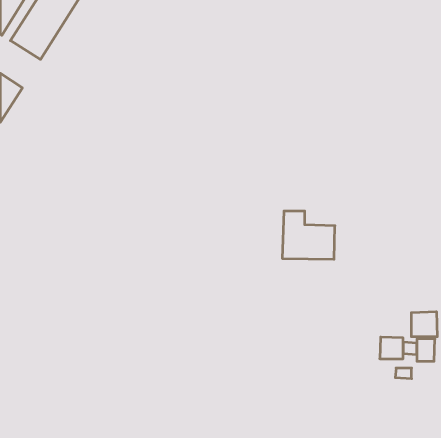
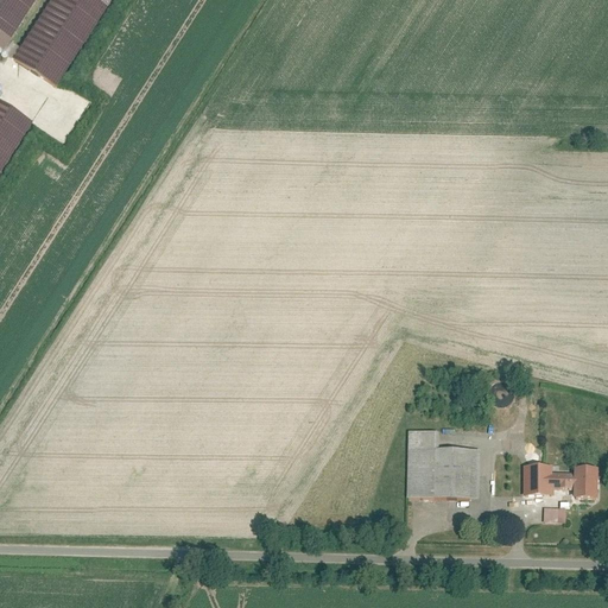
building: [282,211,335,259] -> [407,430,480,496]
building: [411,312,437,337] -> none

